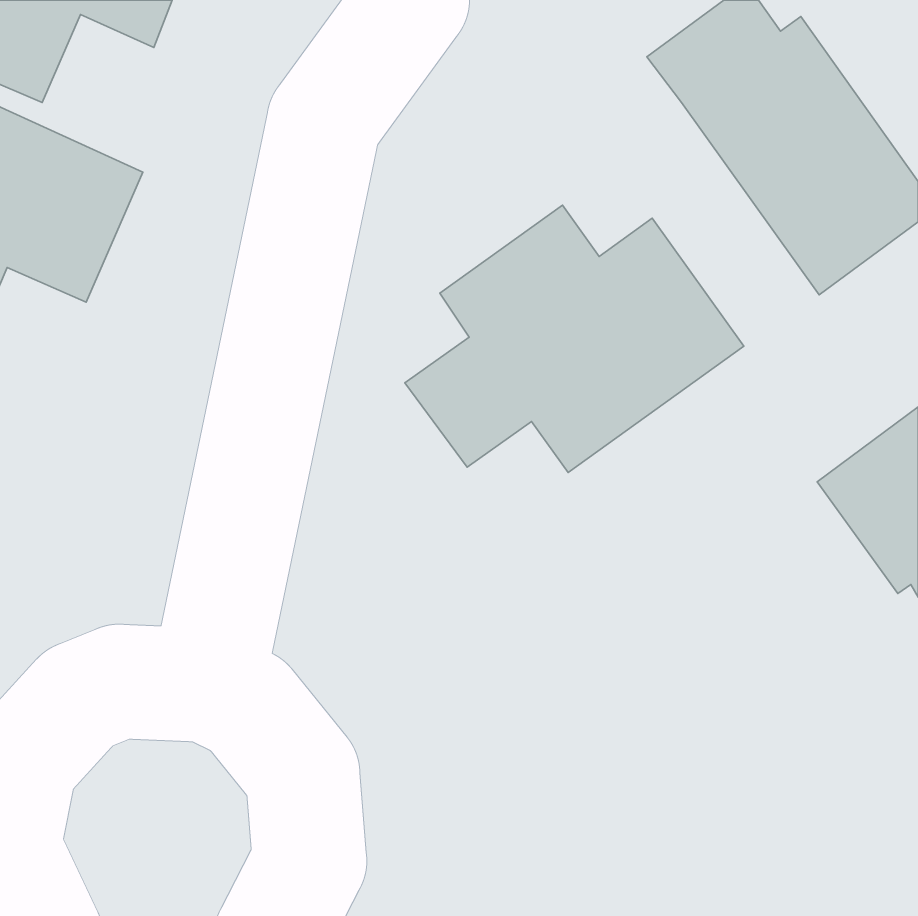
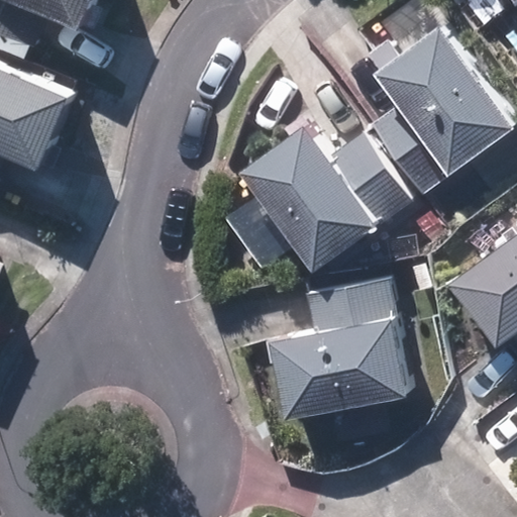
building: none -> [270,283,410,420]

